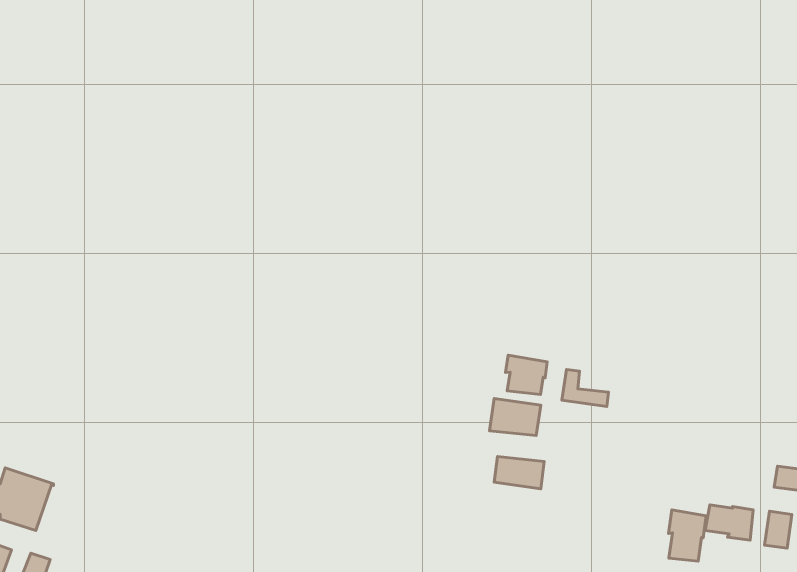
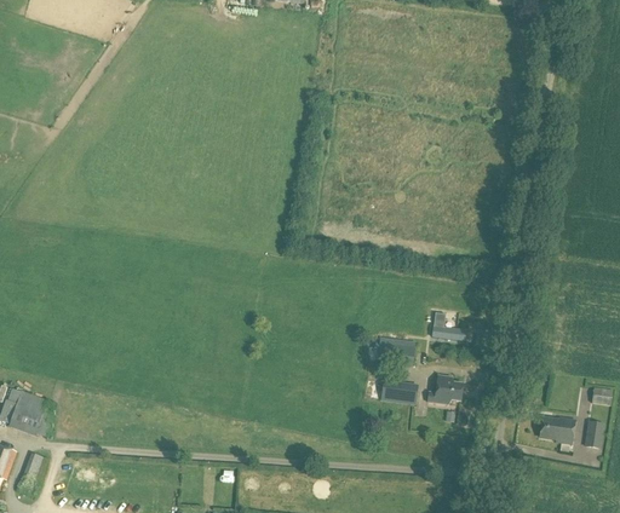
building: [506,355,547,395] -> none
building: none -> [427,373,463,403]
building: [669,510,706,561] -> none

